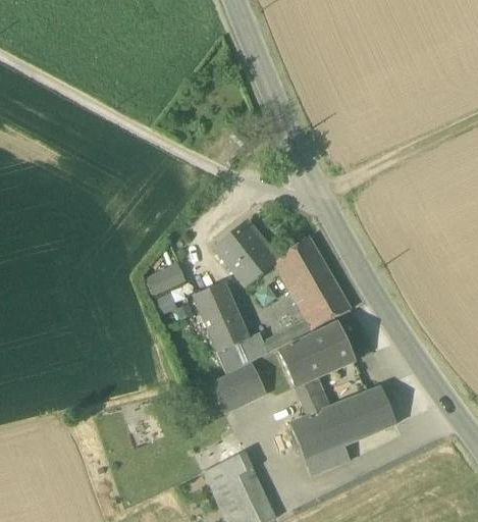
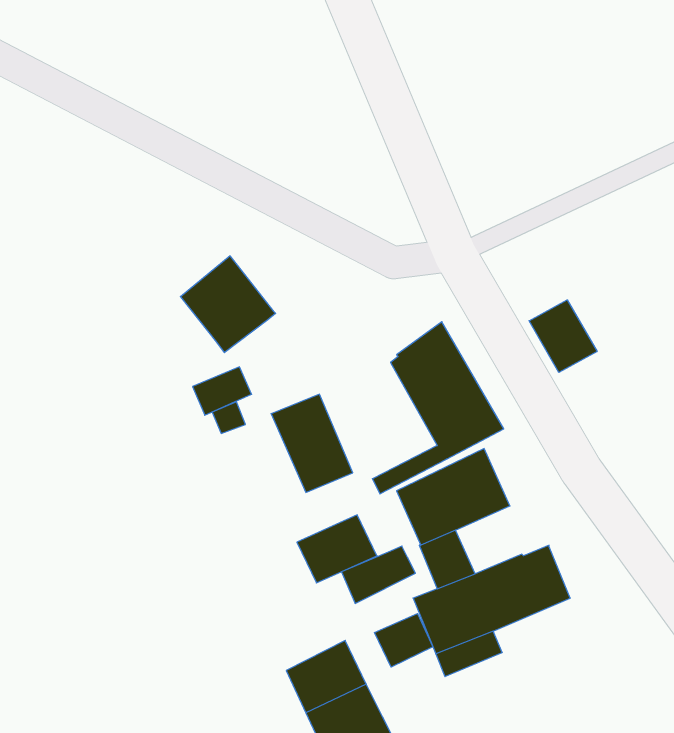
building: [215,220,279,285] -> [180,256,276,353]
building: none -> [529,300,597,372]
building: [217,333,267,372] -> [341,546,415,603]
building: none -> [374,614,433,667]

